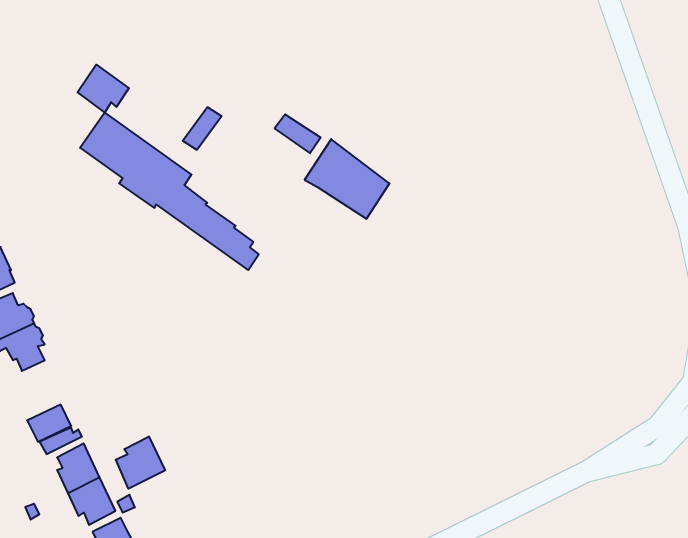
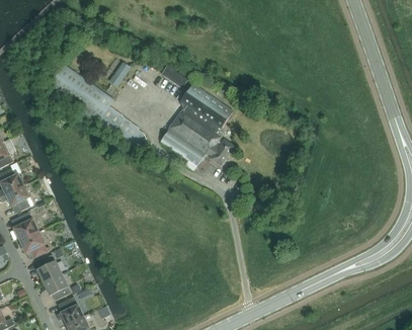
building: [78,65,129,113] -> none
building: none -> [160,107,235,171]
building: none -> [13,213,38,241]
building: [116,436,165,489] -> none

